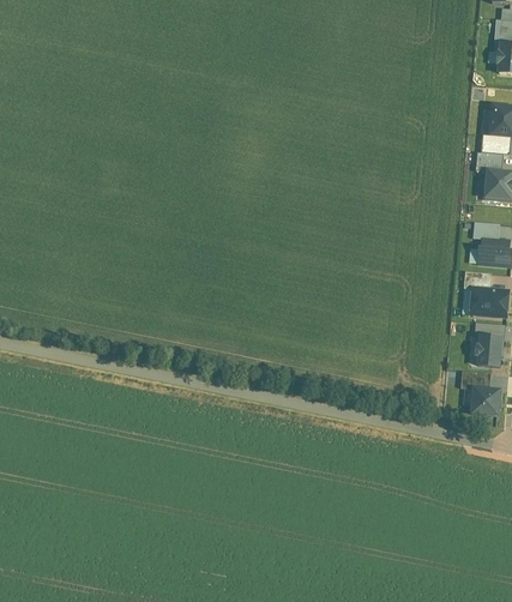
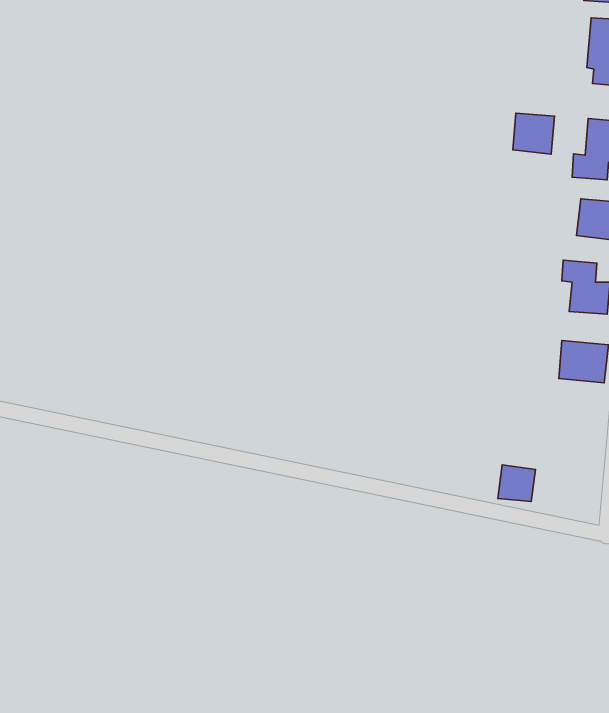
building: none -> [513,113,554,154]
building: [476,332,502,367] -> none
building: [468,383,499,413] -> [498,465,536,501]

